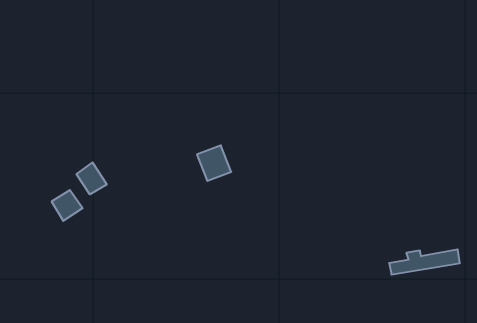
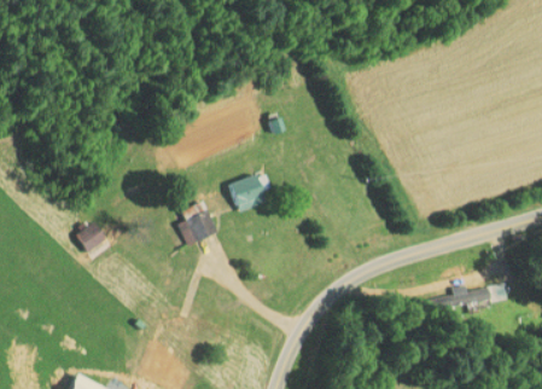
building: [76,162,107,194] -> none
building: none -> [176,207,216,246]

